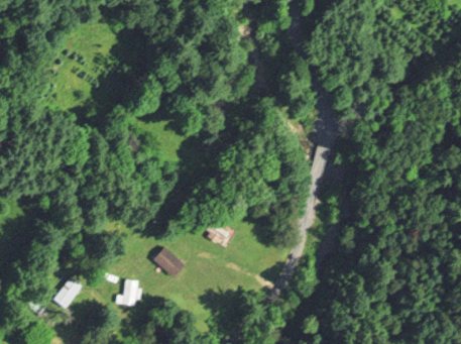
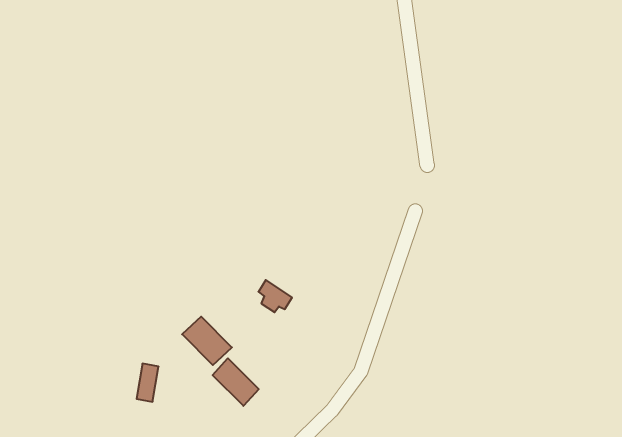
building: none -> [213,358,259,406]
building: [51,275,81,308] -> none

